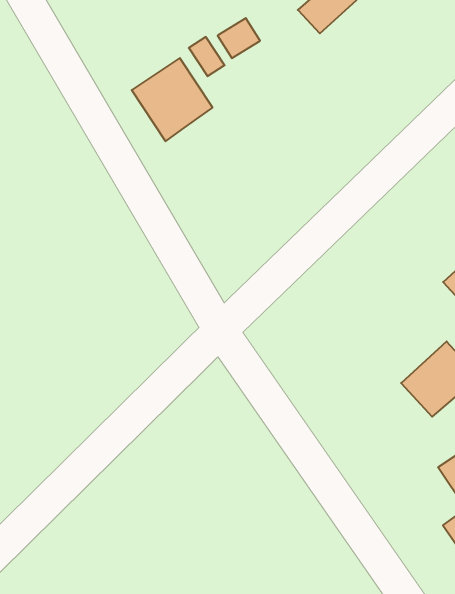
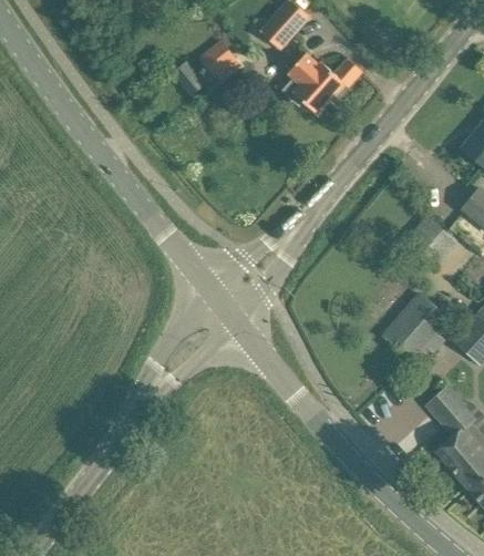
building: none -> [281,54,362,113]
building: [132,58,212,141] -> none

